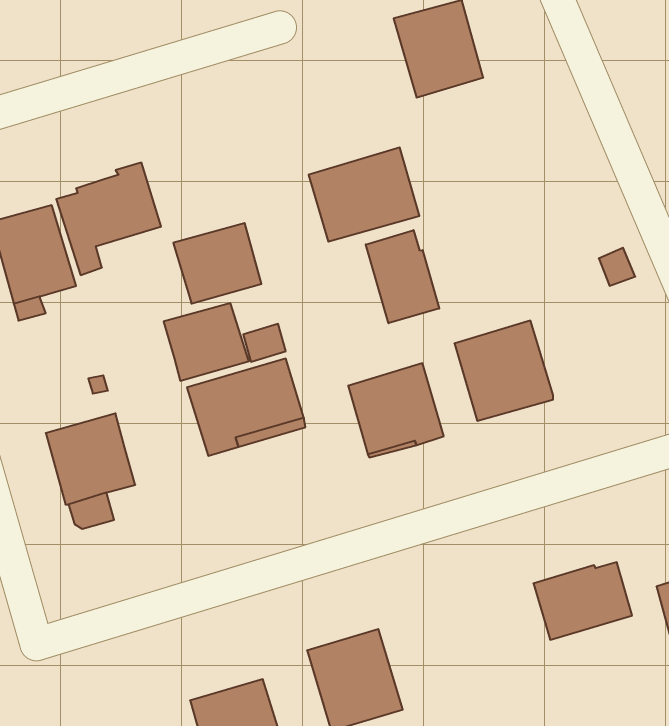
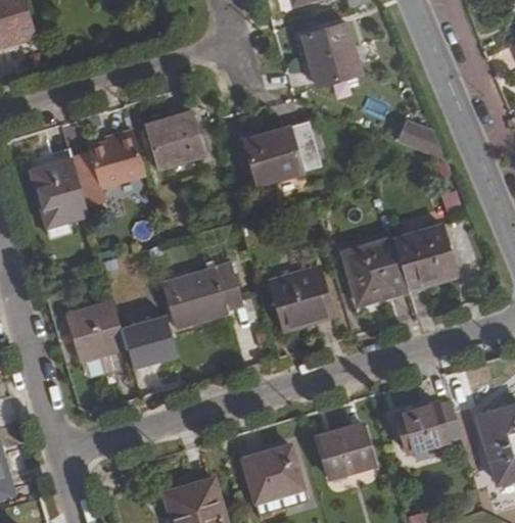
building: none -> [394,122,448,164]
building: [173,223,261,304] -> [146,112,205,167]
building: [366,230,439,323] -> none
building: none -> [393,224,457,287]
building: [164,303,249,381] -> [121,311,178,363]
building: none -> [318,423,375,478]

